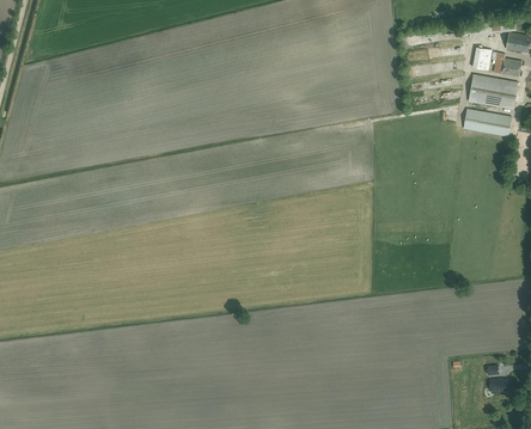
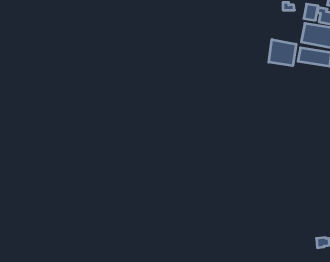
building: none -> [269,39,296,66]

